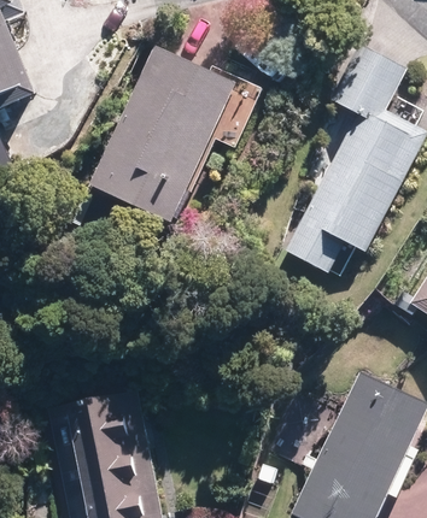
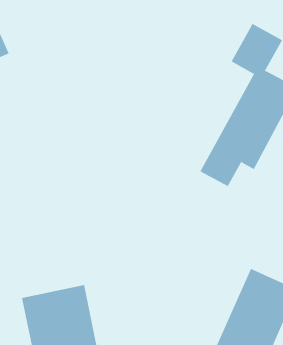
building: [101,57,233,223] -> none

